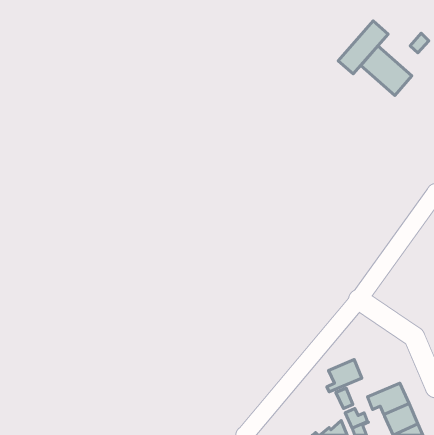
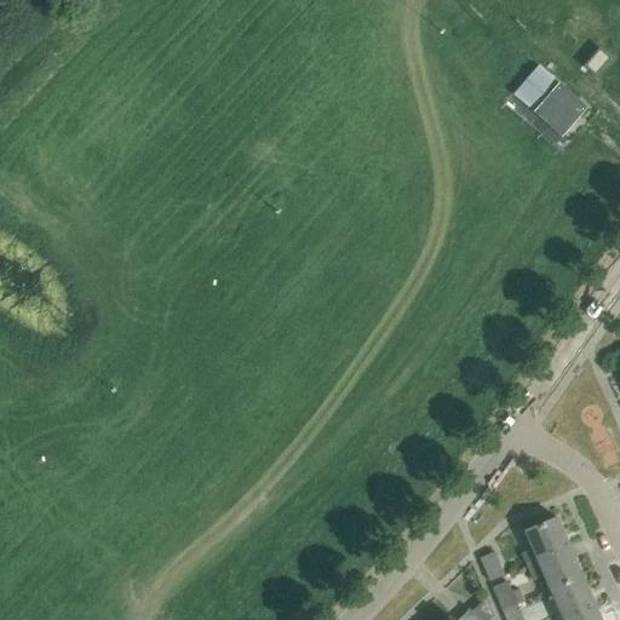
building: [338,21,388,74] -> none
building: [327,359,362,392] -> [521,518,570,564]

